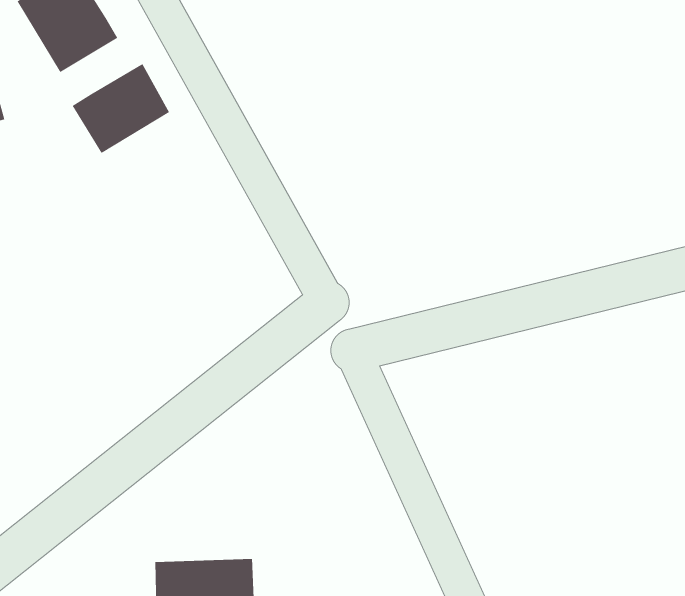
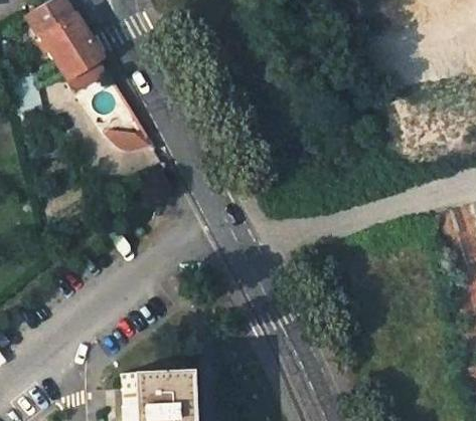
building: [72,63,170,154] -> none

